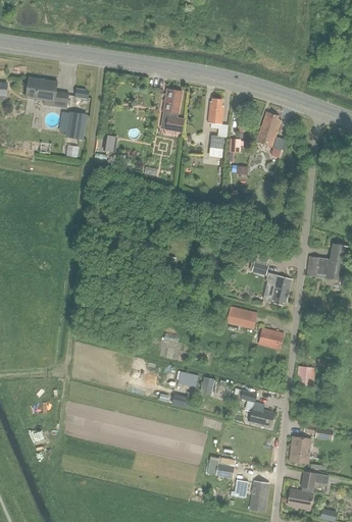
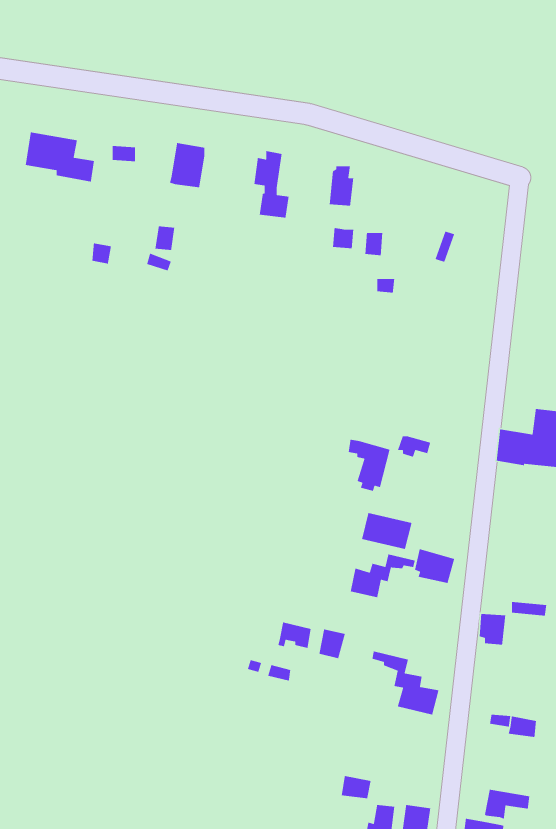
building: [64,112,86,140] -> [169,142,205,188]
building: [255,112,280,146] -> none
building: [265,273,291,305] -> [348,439,391,492]
building: none -> [350,554,416,598]
building: [288,435,311,464] -> none

